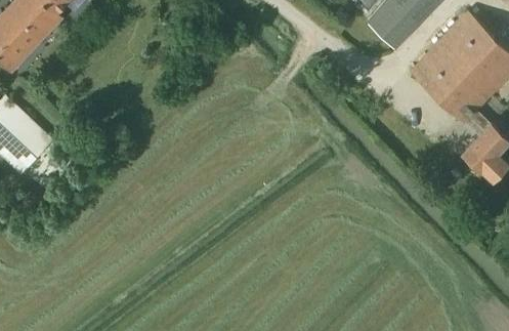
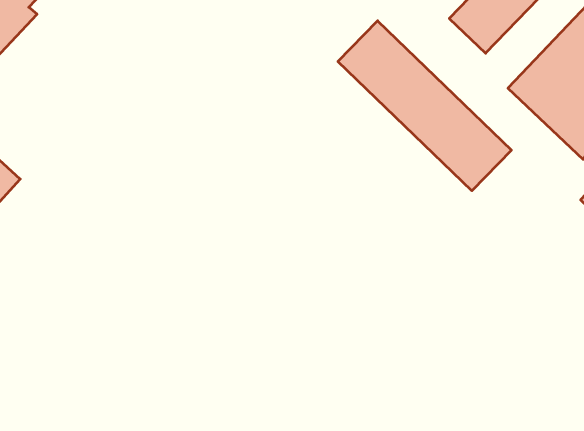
building: none -> [338,21,511,191]

